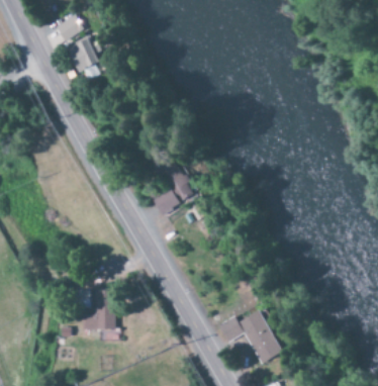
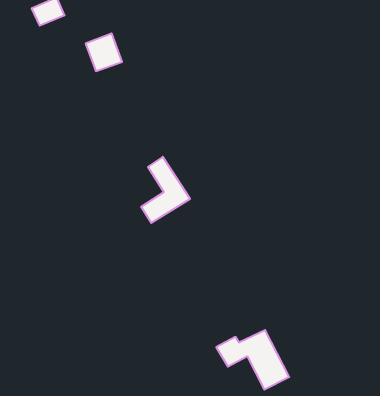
building: [67,38,99,72] -> [86,33,122,71]
building: [84,291,113,330] -> none

